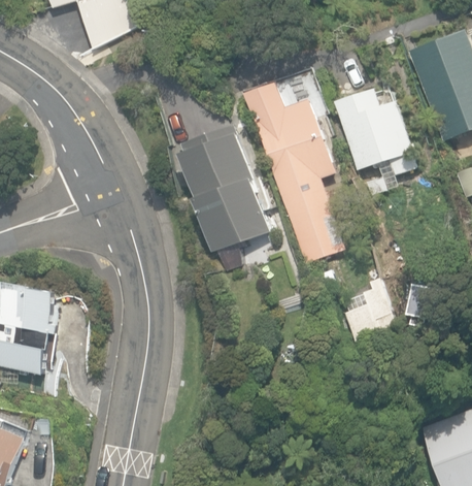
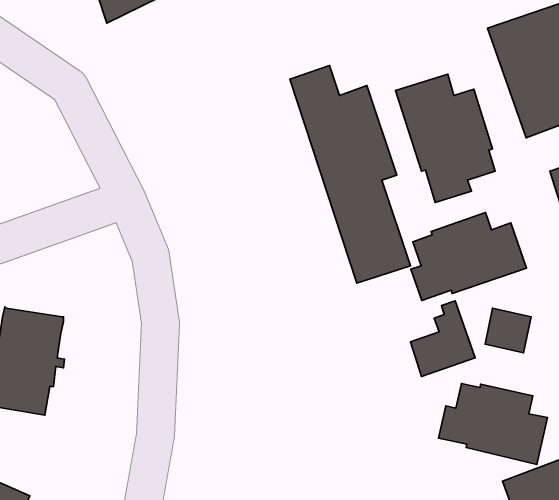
building: [177,124,272,271] -> none
building: none -> [411,213,527,300]
building: none -> [439,384,547,464]

